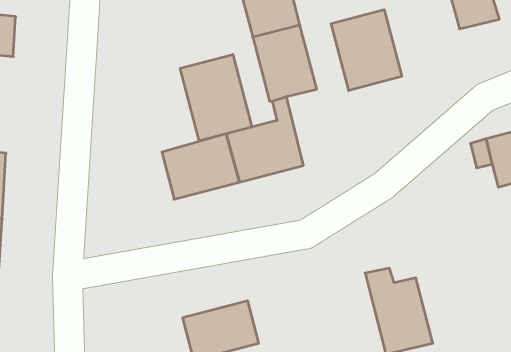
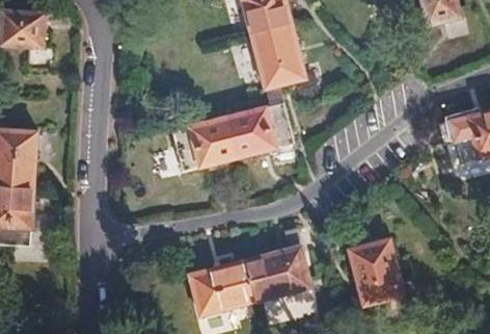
building: [331,10,402,91] -> none
building: [180,54,252,141] -> none
building: none -> [245,229,310,297]

